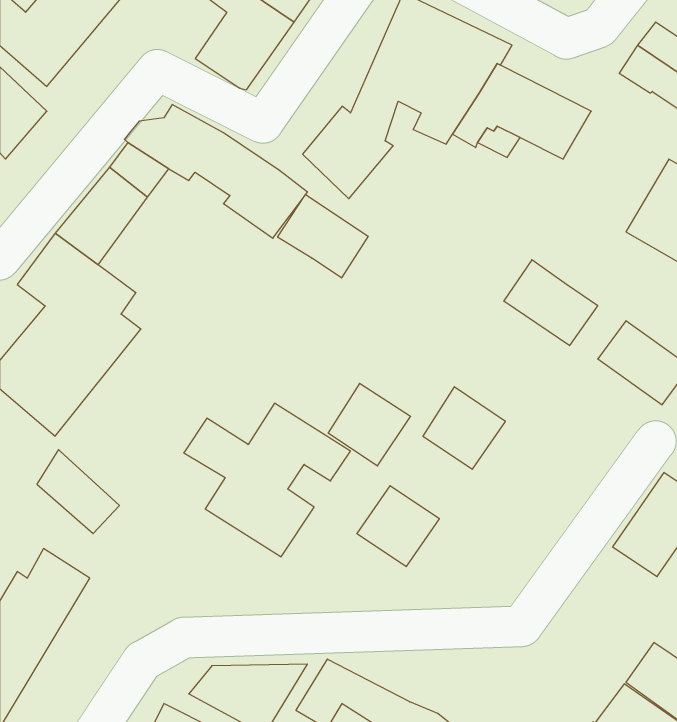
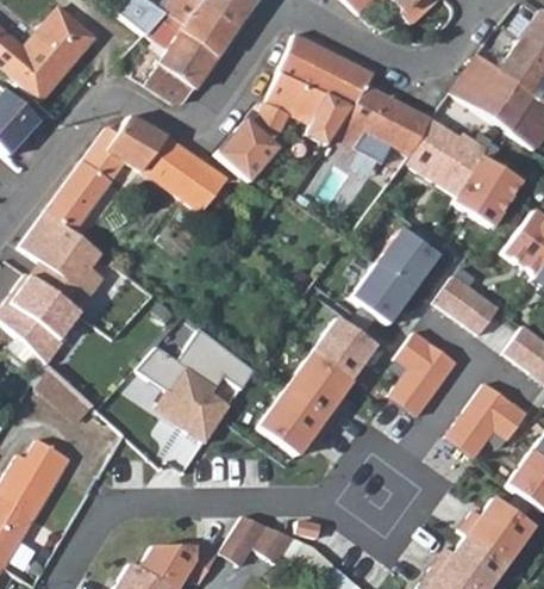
building: none -> [413,128,487,196]
building: [278,195,368,278] -> none
building: none -> [346,259,414,321]
building: [328,383,411,466] -> [286,356,345,416]
building: none -> [390,330,459,415]

